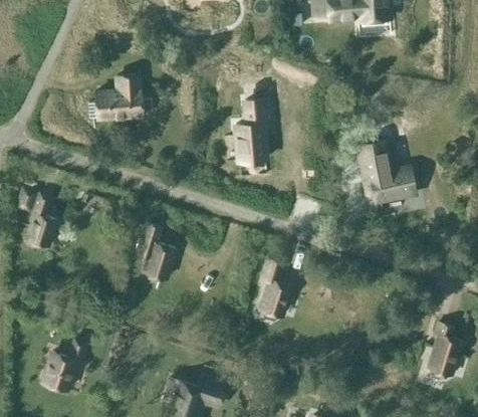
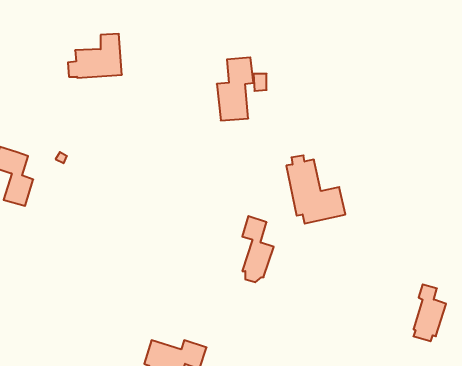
building: [357,135,416,202] -> [286,155,345,224]
building: [138,223,175,278] -> none
building: [43,337,87,389] -> none

